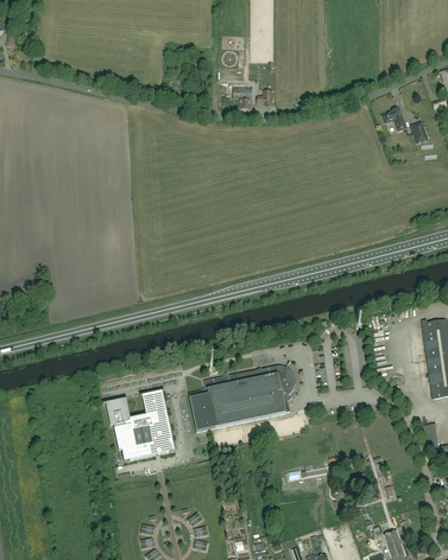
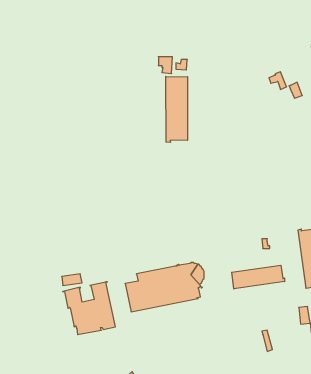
building: none -> [166,76,188,142]
building: none -> [232,265,285,289]

